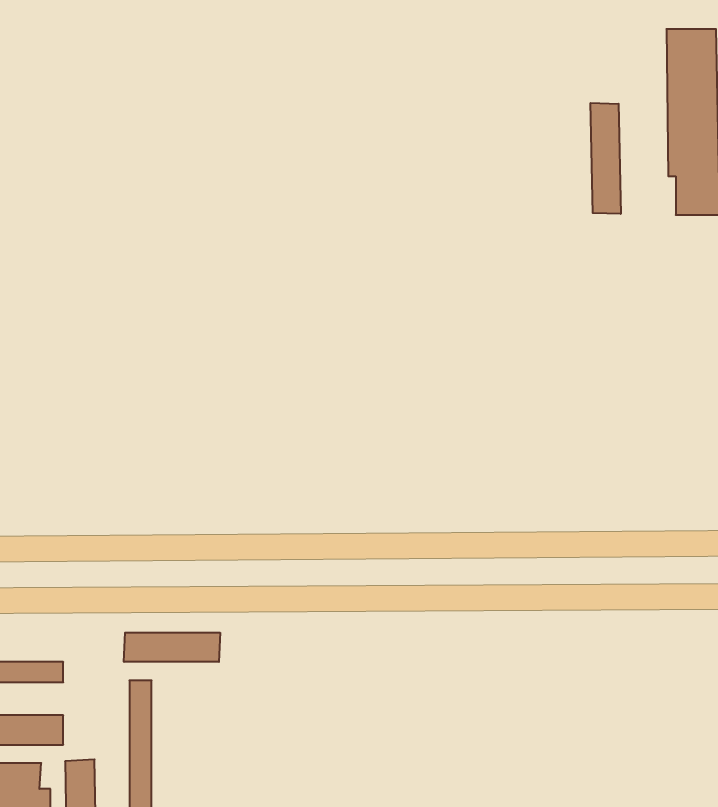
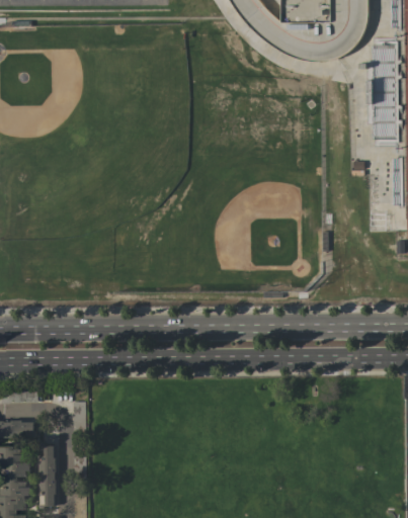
building: [591,103,621,214] -> none
building: [124,633,220,662] -> none

